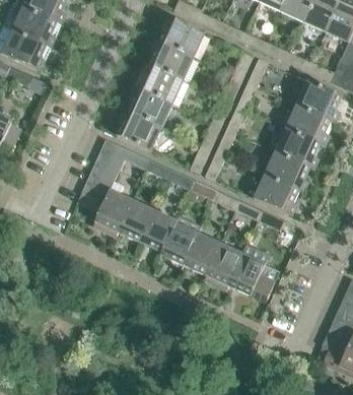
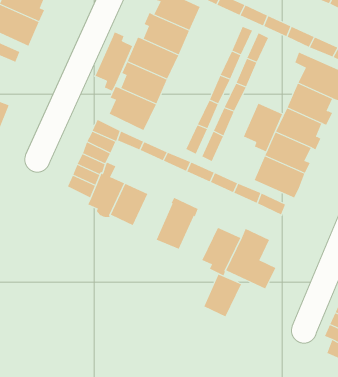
building: none -> [95,32,133,91]
building: none -> [243,103,283,152]
building: [139,210,175,254] -> none
building: [183,232,219,273] -> [203,273,242,317]

